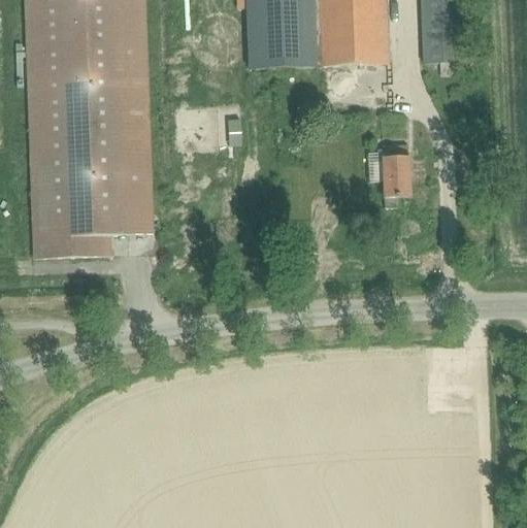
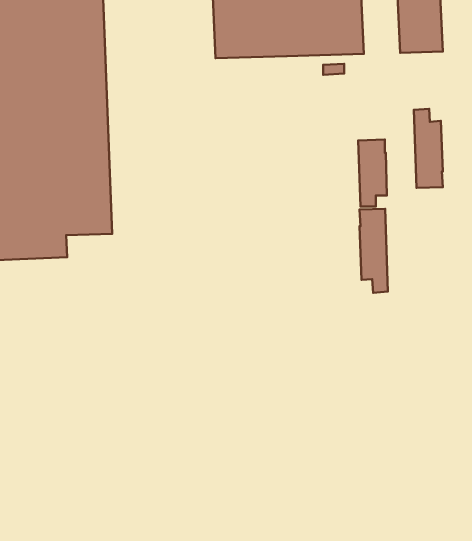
building: none -> [414,109,443,188]
building: none -> [360,209,388,293]

